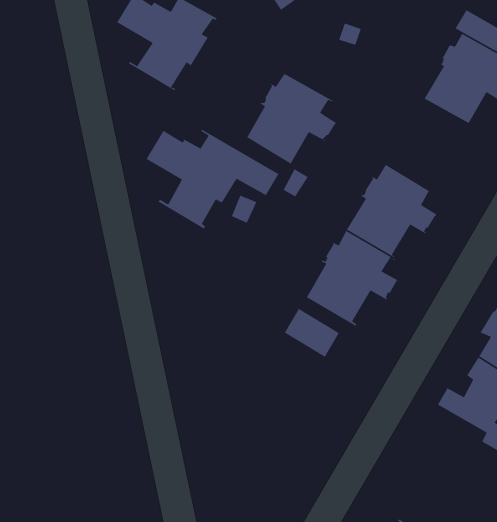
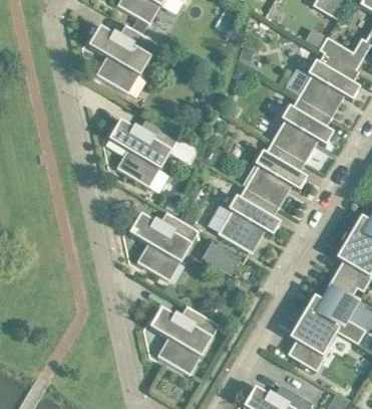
building: [246,73,337,167] -> [272,97,334,162]
building: none -> [129,210,199,280]
building: none -> [149,305,219,374]
building: none -> [288,306,340,371]

